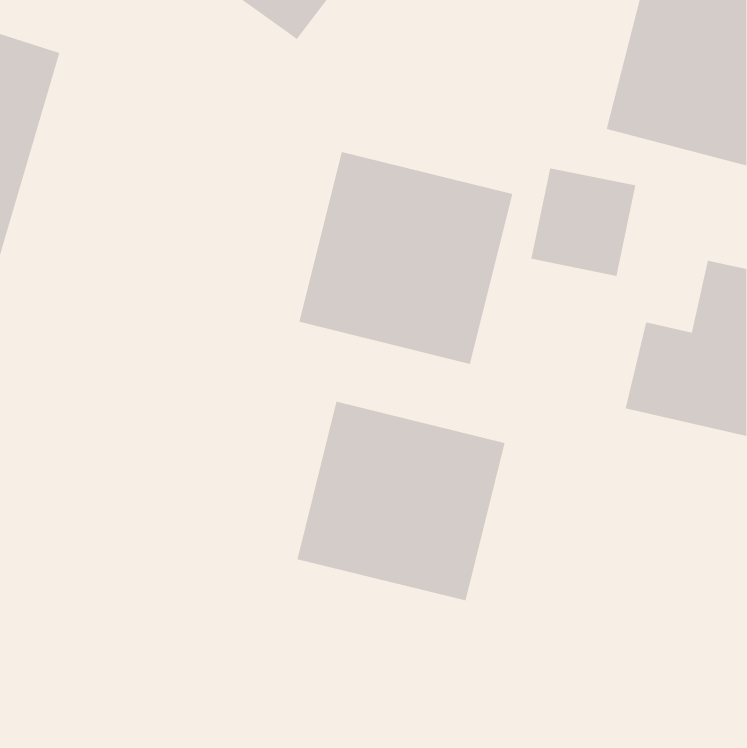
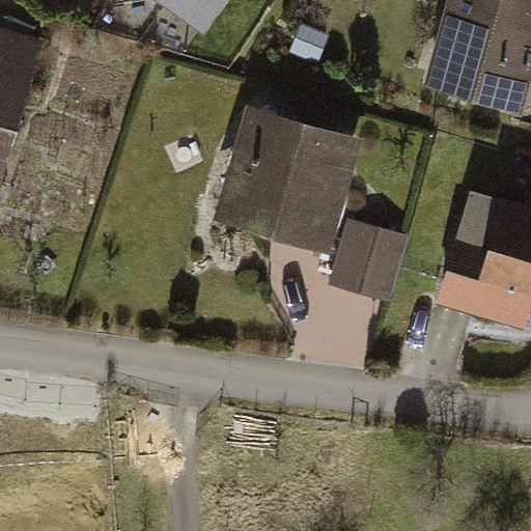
building: [530,168,636,276] -> [334,223,409,300]
building: [297,401,505,601] -> none

